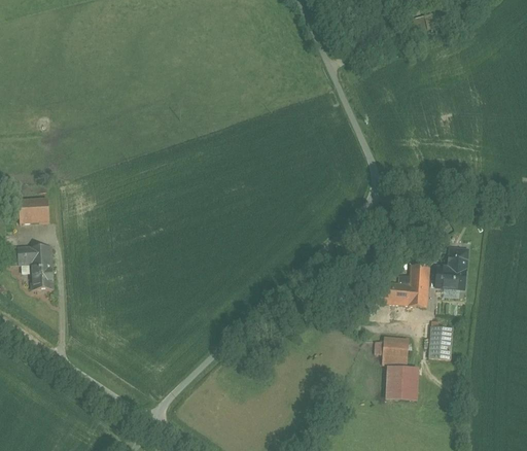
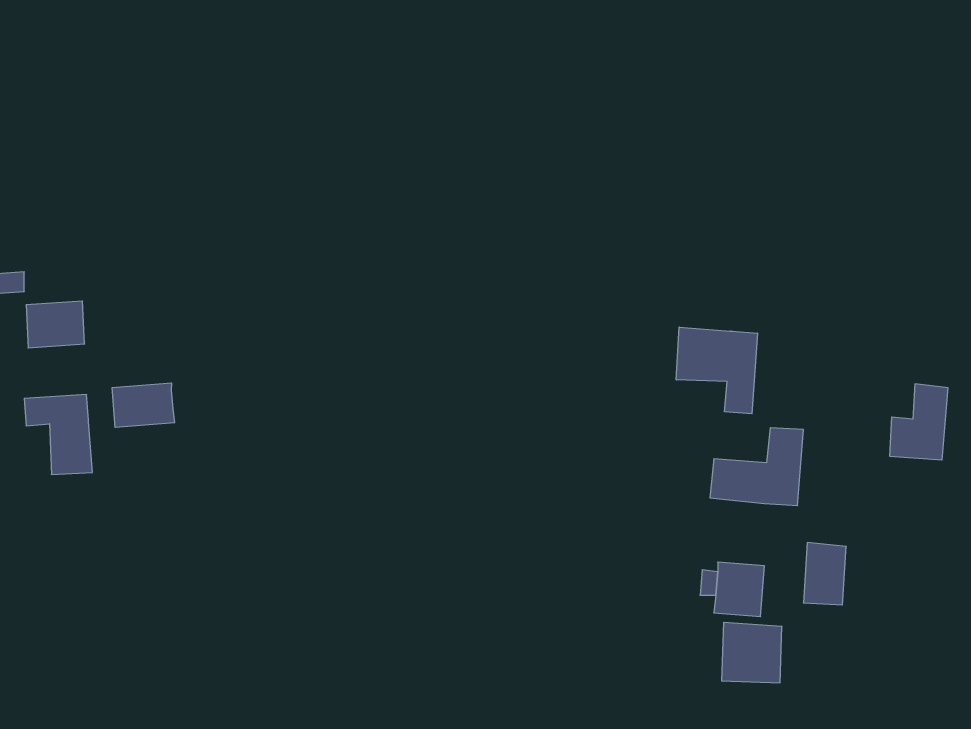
building: none -> [676,327,757,414]
building: none -> [112,383,175,427]
building: [435,248,466,288] -> [890,384,948,460]

